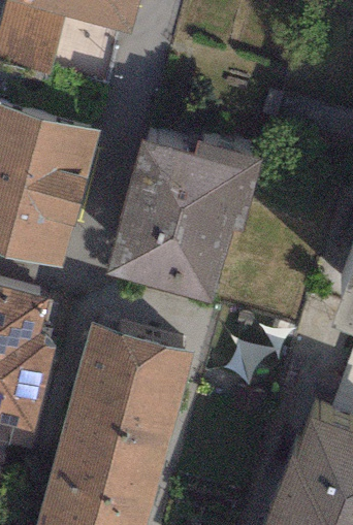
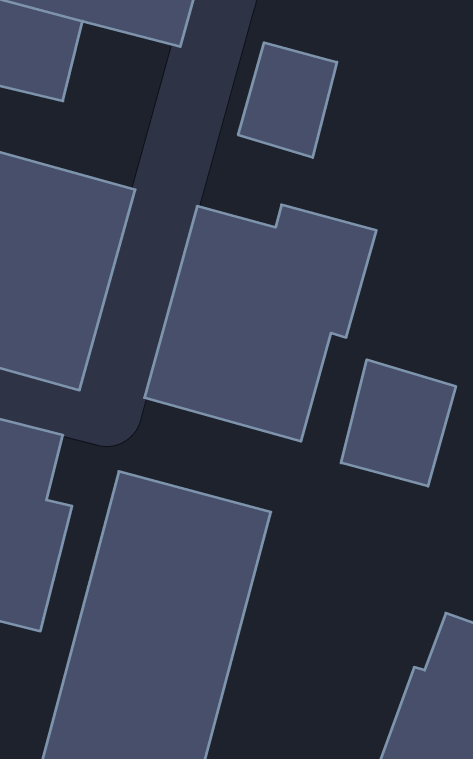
building: none -> [238,43,337,158]
building: none -> [341,360,456,486]

